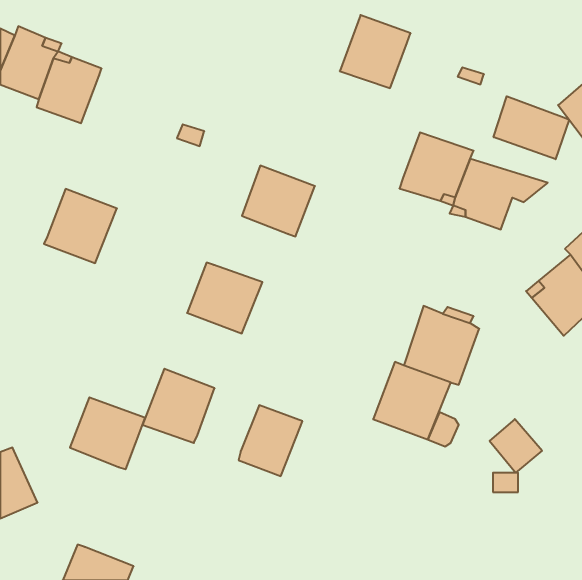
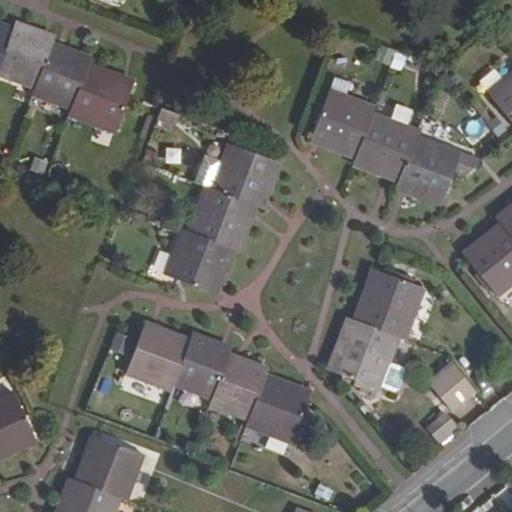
building: [340,15,411,88] -> [310,92,372,156]
building: [494,96,569,159] -> none
building: [44,189,117,263] -> [69,66,133,131]
building: none -> [188,188,254,250]
building: none -> [174,333,230,395]
building: [70,397,145,469] -> [75,435,141,498]
building: none -> [245,374,308,439]

